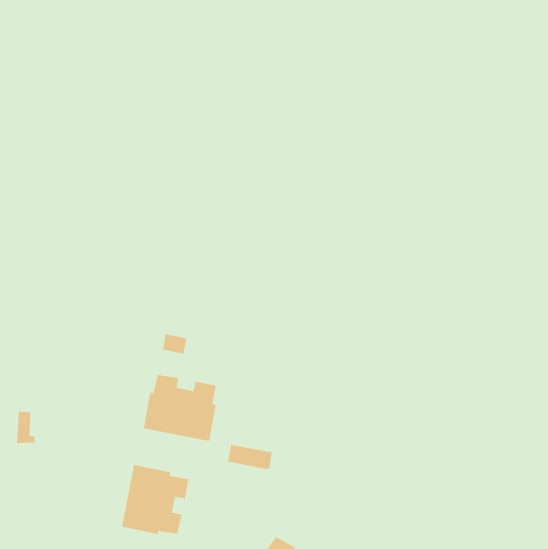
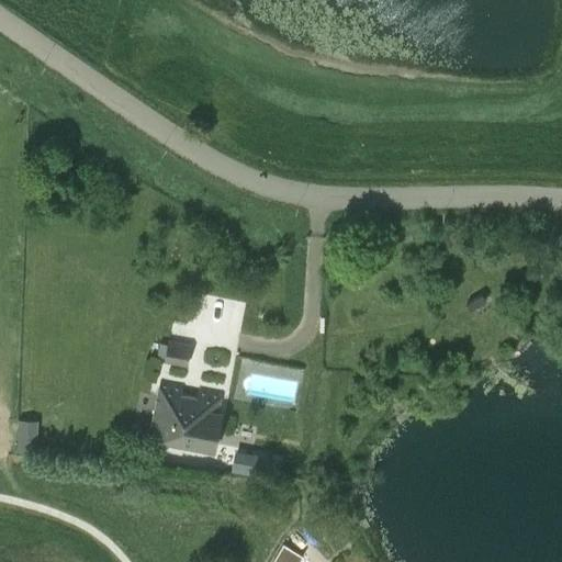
building: [121,464,189,535] -> none

